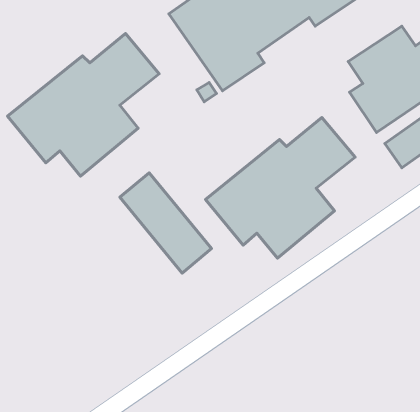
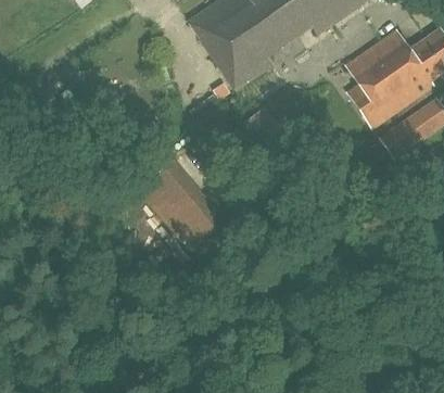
building: [7,33,159,176] -> none
building: [205,118,355,258] -> none

